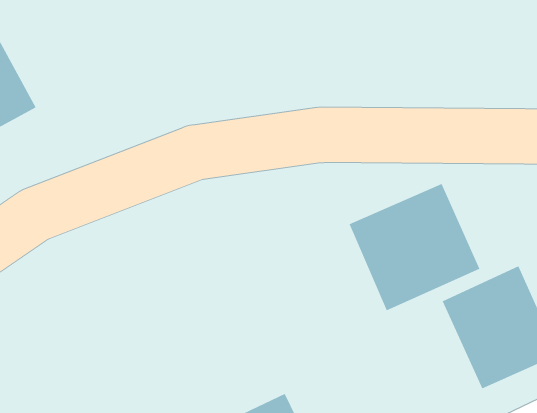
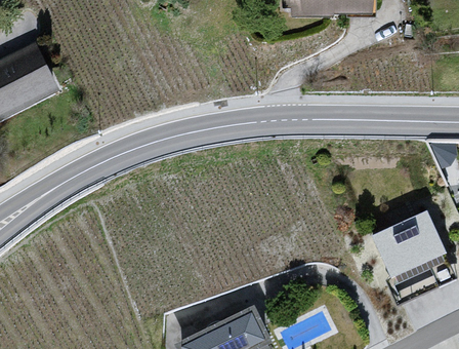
building: [349,183,480,311] -> none

